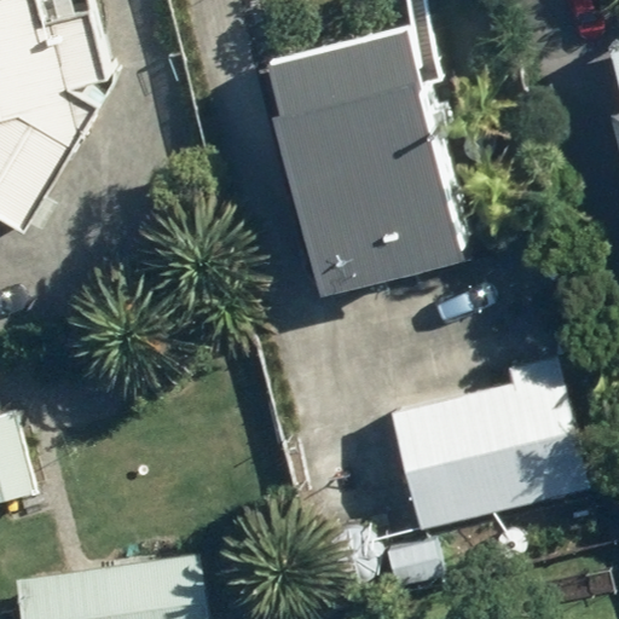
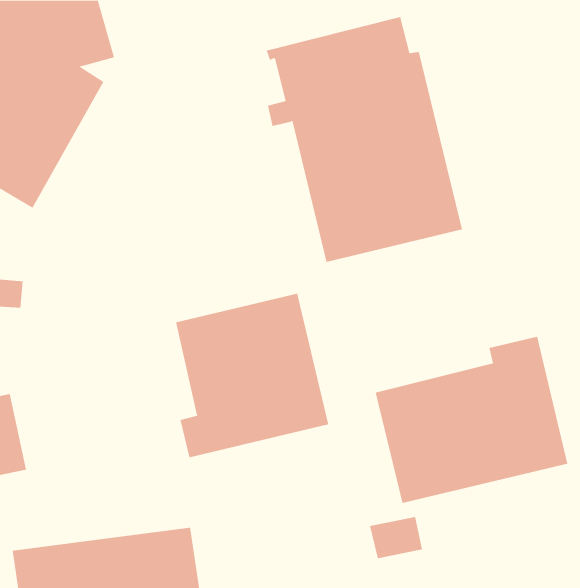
building: none -> [175,293,329,458]

